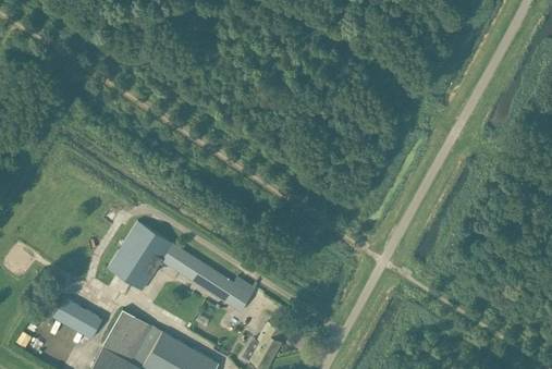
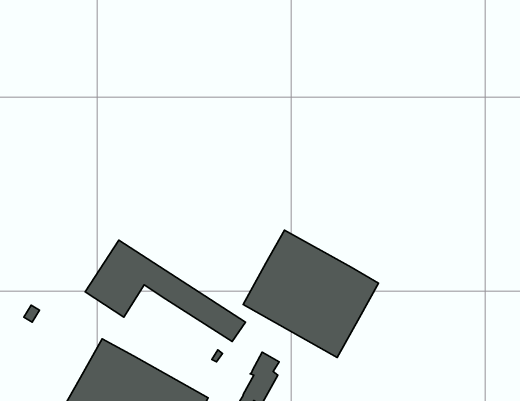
building: none -> [243,230,379,357]
building: [53,297,103,340] -> none

